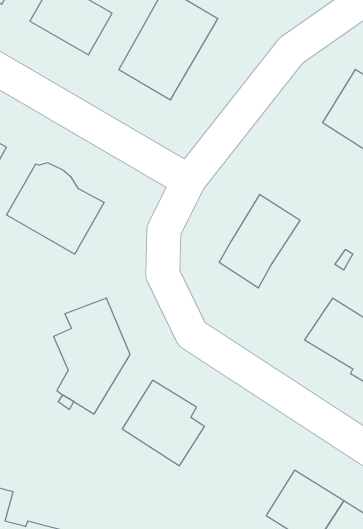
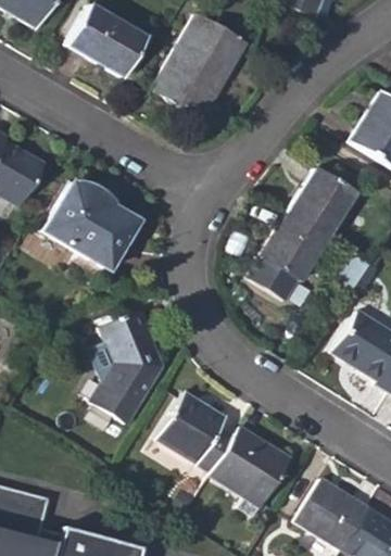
building: none -> [288,168,354,237]
building: none -> [210,427,291,518]

